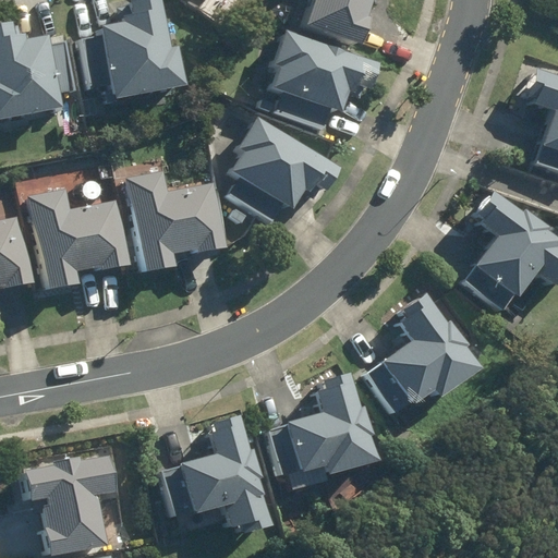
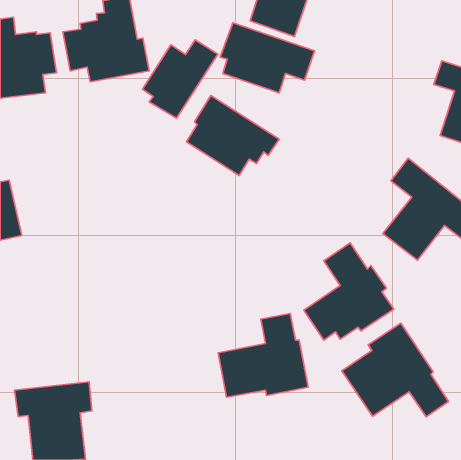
building: none -> [142,40,218,118]
building: [129,171,223,272] -> none
building: [29,187,125,292] -> none
building: none -> [342,323,449,417]
building: [160,413,267,538] -> none

